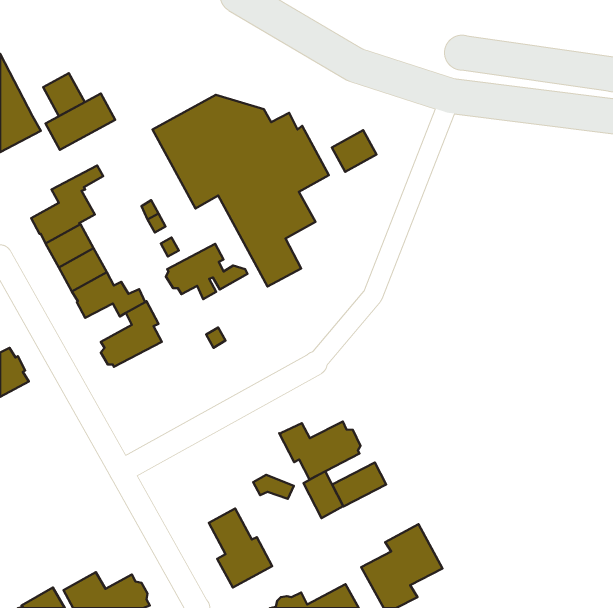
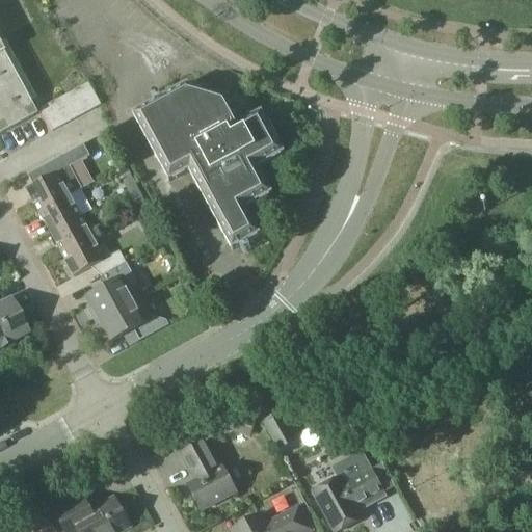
building: [43,73,85,116] -> none
building: [332,130,377,172] -> none
building: [166,244,248,299] -> [98,296,168,344]
building: [279,422,360,479] -> none
building: [332,463,386,507] -> none

